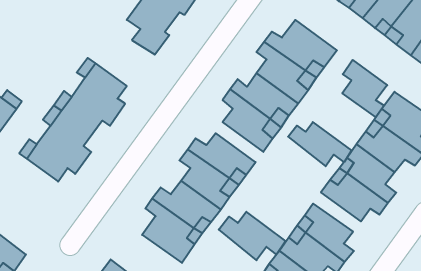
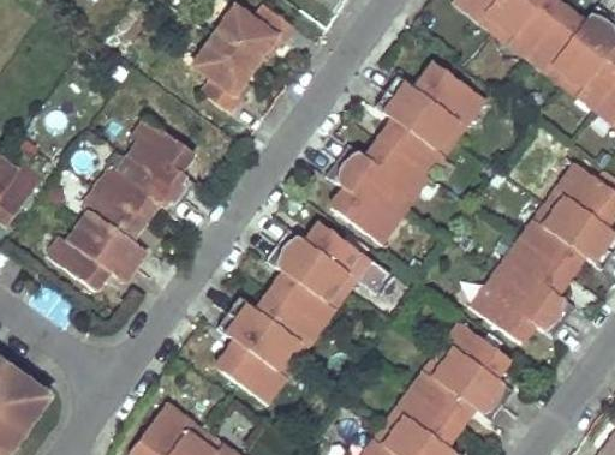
building: [342,60,387,117] -> none
building: [288,122,352,166] -> none
building: [219,212,286,260] -> none

